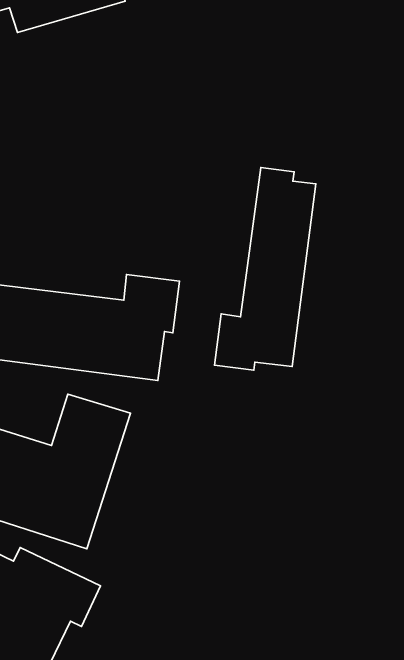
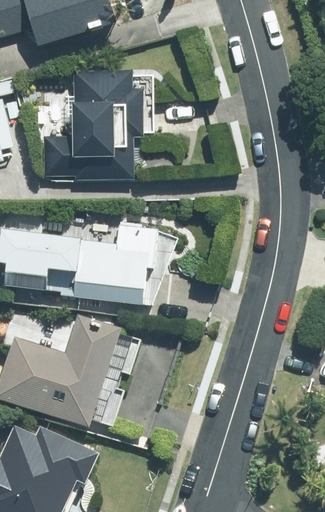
building: none -> [40,71,136,183]
building: [214,167,316,370] -> none

